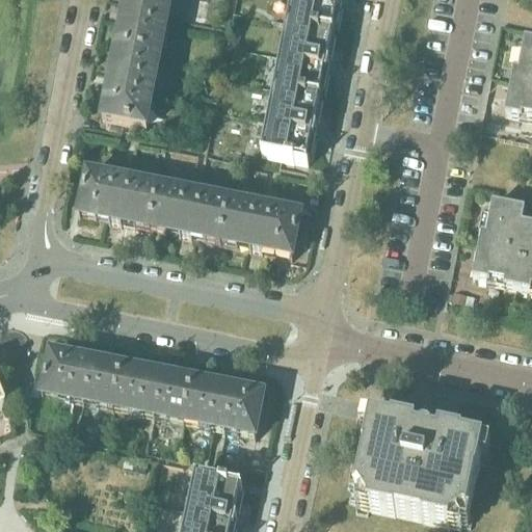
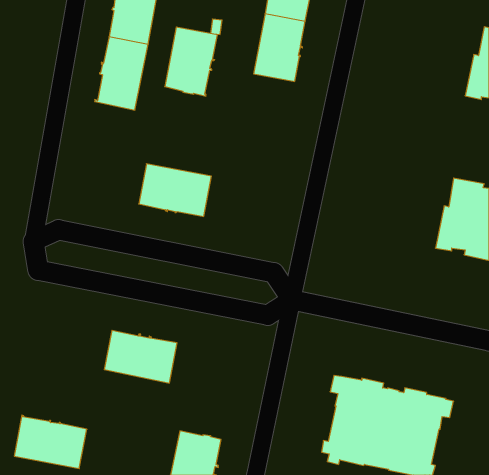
building: [263,80,320,155] -> [165,27,217,96]
building: [79,163,159,221] -> none
building: [221,191,300,249] -> none
building: [43,343,122,401] -> [14,415,87,469]
building: [184,372,264,429] -> none

